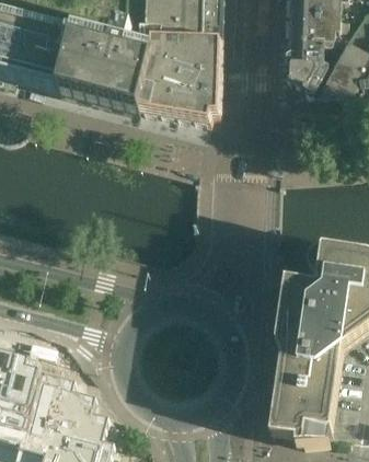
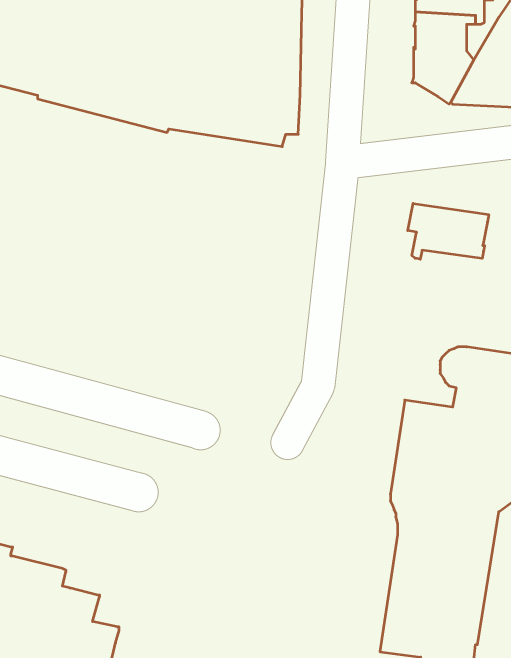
building: none -> [408,203,489,259]

